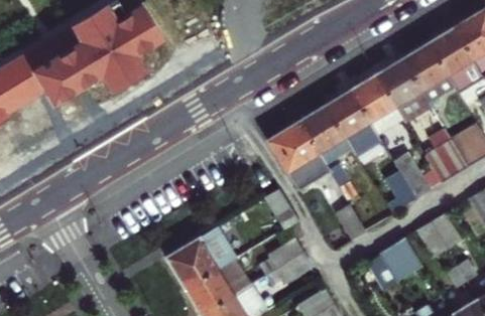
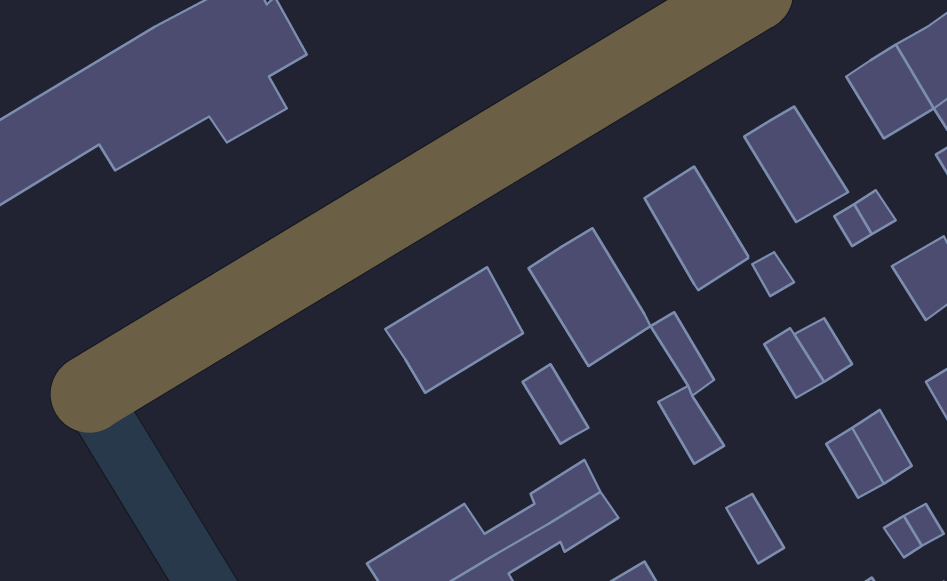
building: [402,44,455,103] -> none
building: [352,74,404,135] -> none
building: [300,106,352,164] -> none
building: [427,140,469,182] -> none
building: [166,226,236,290] -> [385,267,523,393]
building: [380,236,423,282] -> none

